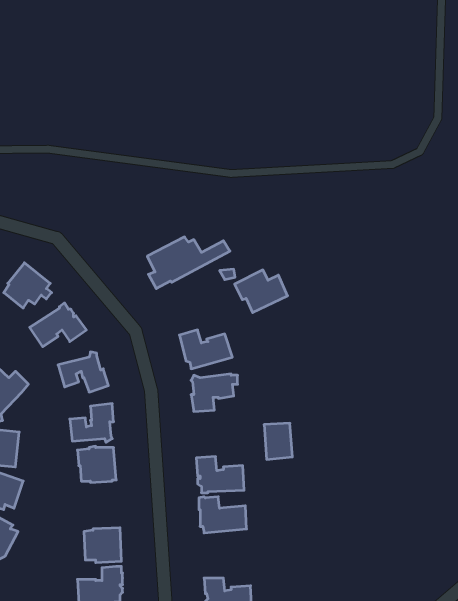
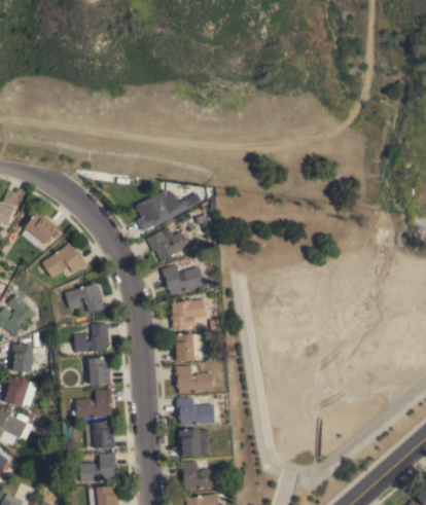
building: [235,270,288,313] -> [146,227,188,261]
building: [264,423,292,459] -> [173,333,196,362]
building: none -> [76,389,112,419]
building: none -> [179,429,209,458]

